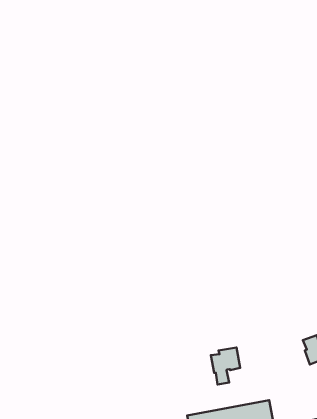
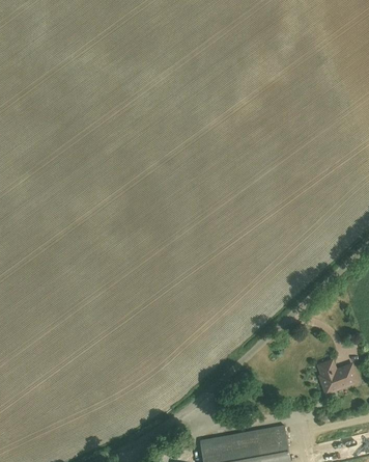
building: [211,348,240,385] -> none

